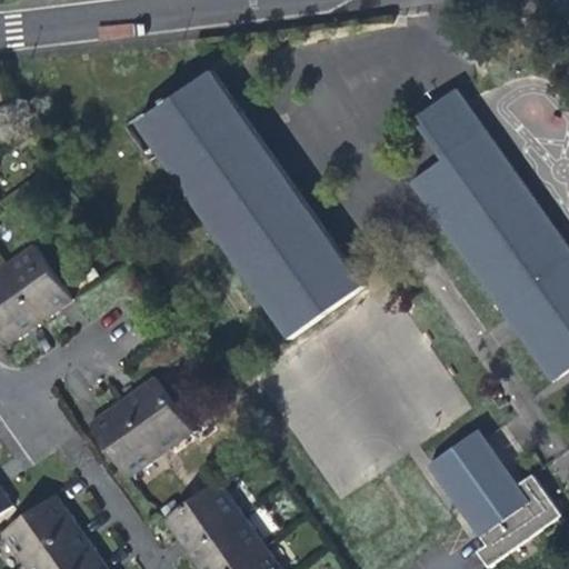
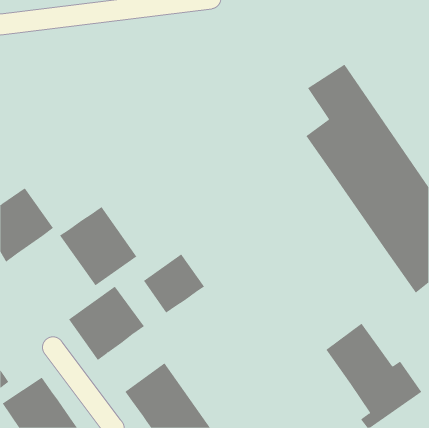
building: [138,71,363,340] -> none
building: none -> [59,206,137,286]
building: none -> [143,253,205,314]

